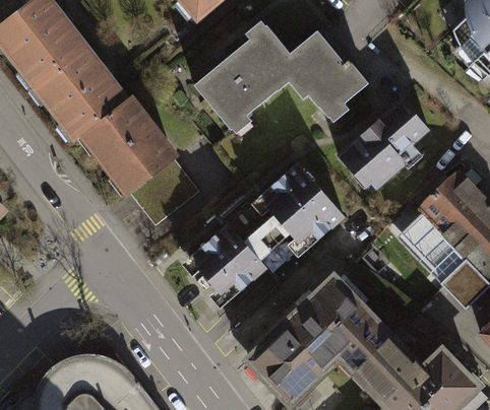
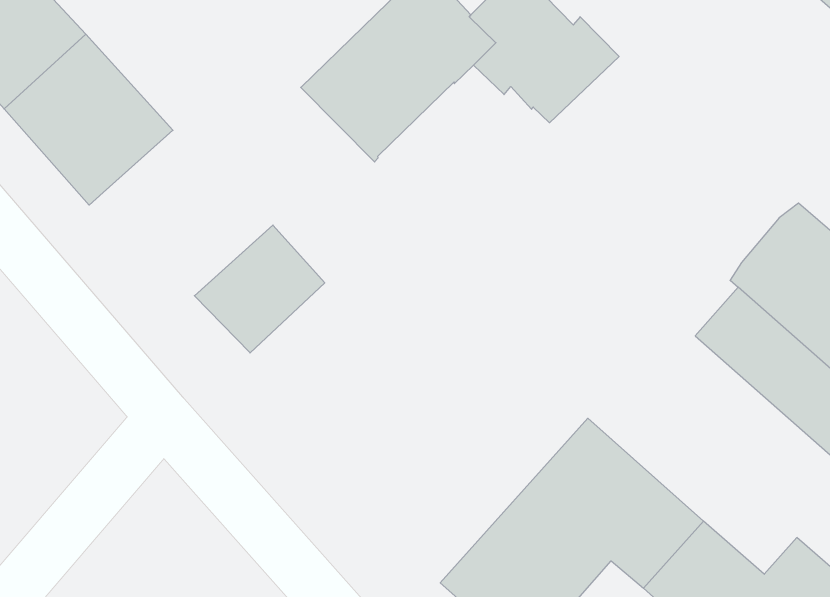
building: [83,99,174,193] -> none
building: [340,99,430,189] -> none
building: [190,163,345,301] -> none

